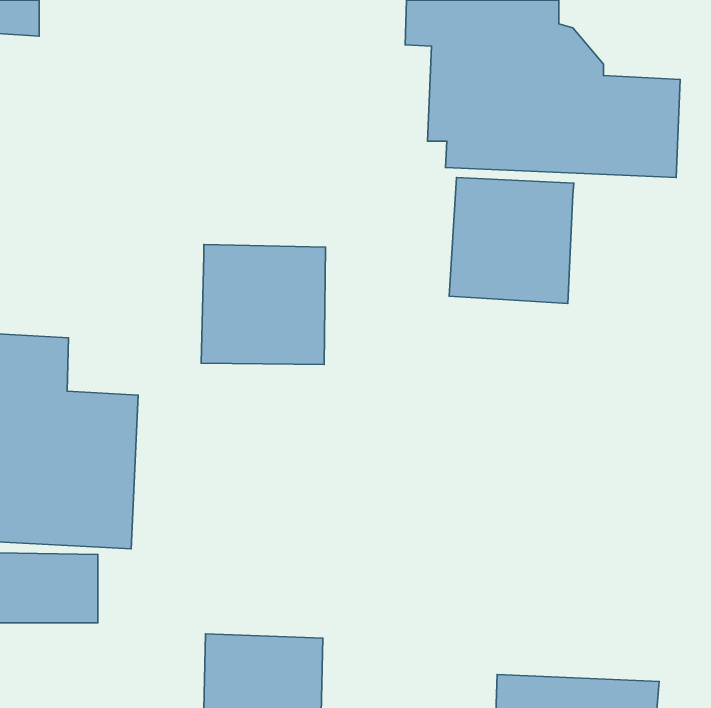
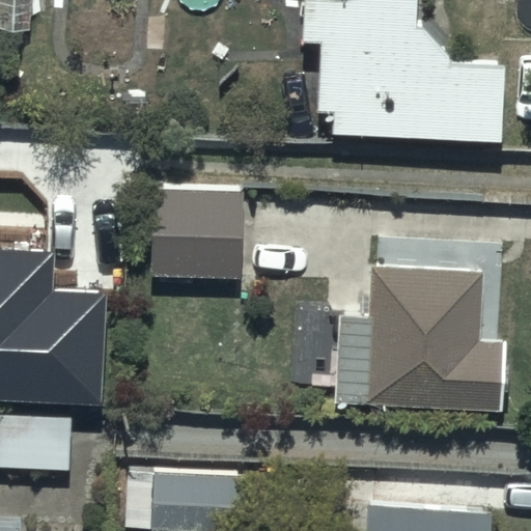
building: [449,177,574,303] -> none
building: none -> [333,266,504,407]

